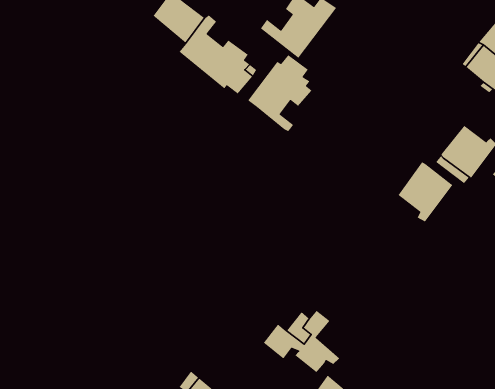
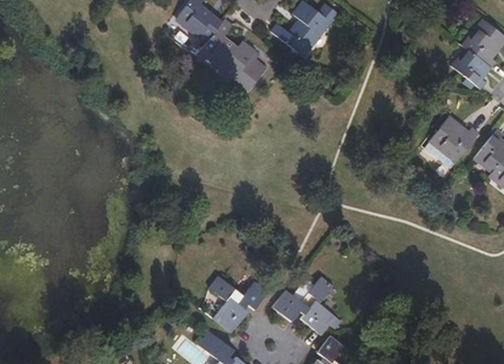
building: [247,54,313,132] -> none
building: [397,162,454,223] -> none
building: none -> [208,278,267,333]

